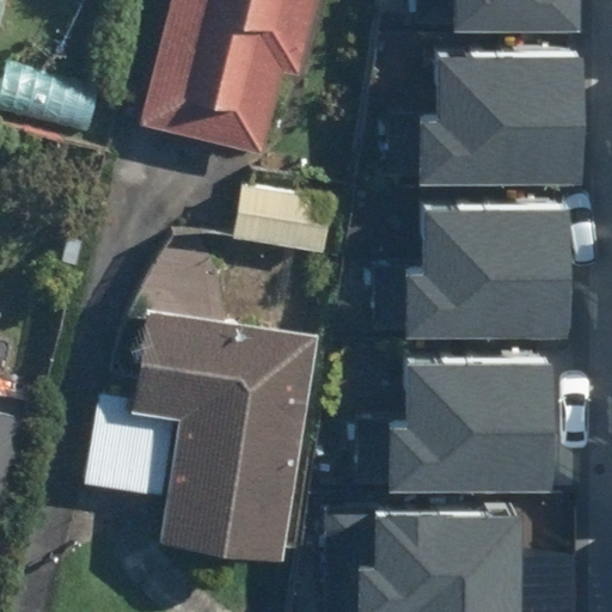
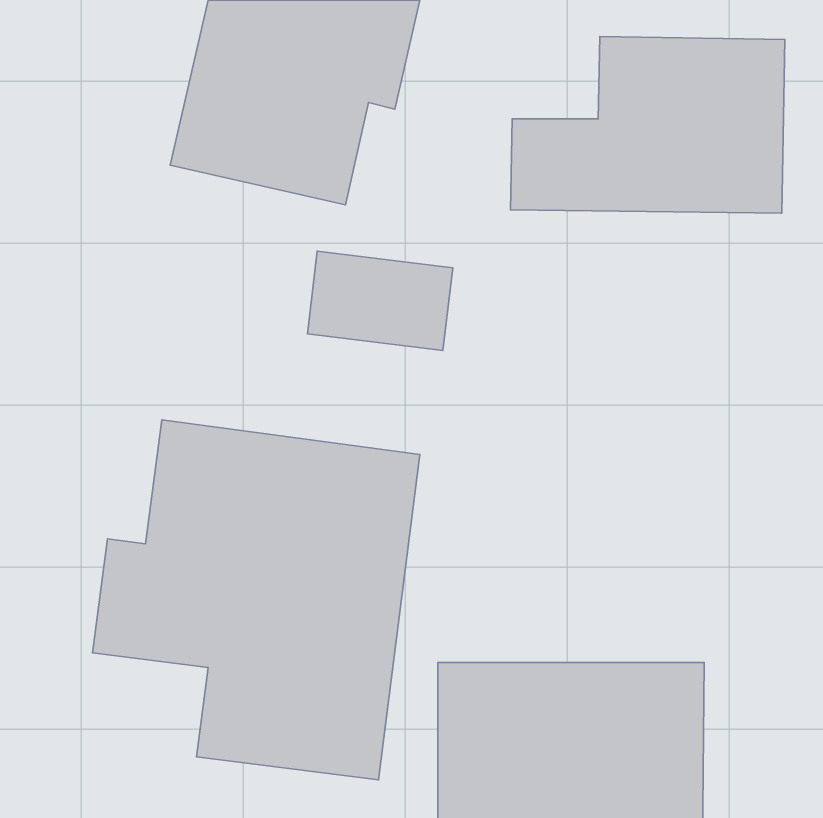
building: [374,195,571,323] -> none
building: [360,351,557,481] -> none

